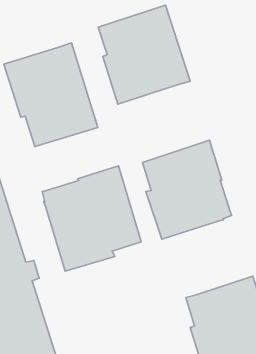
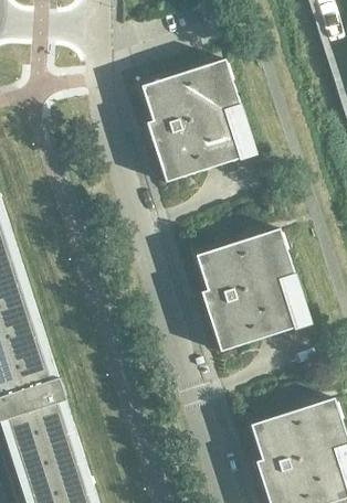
building: [4,43,98,147] -> none
building: [42,166,141,271] -> none

